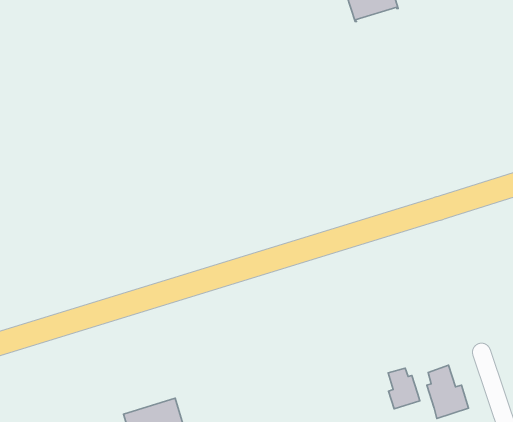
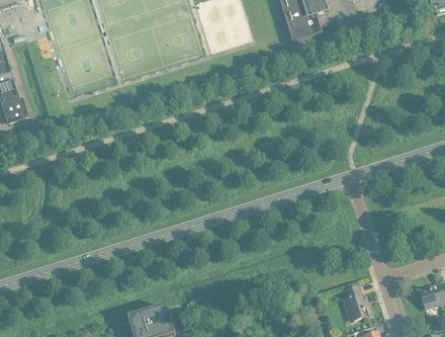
building: [388,368,420,409] -> none

